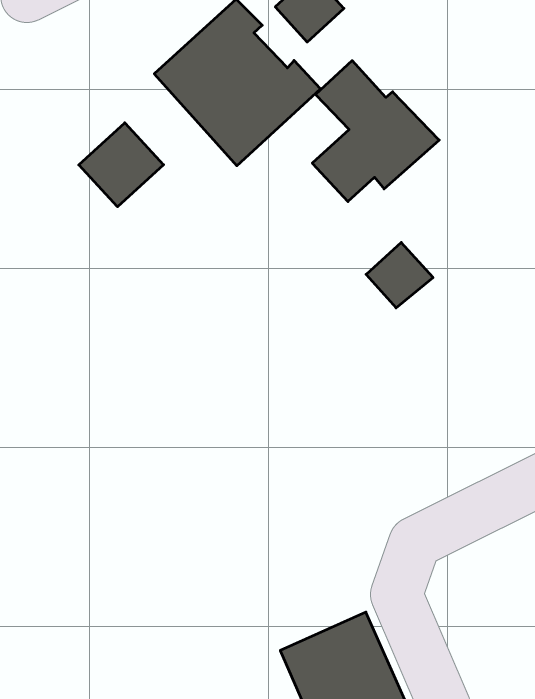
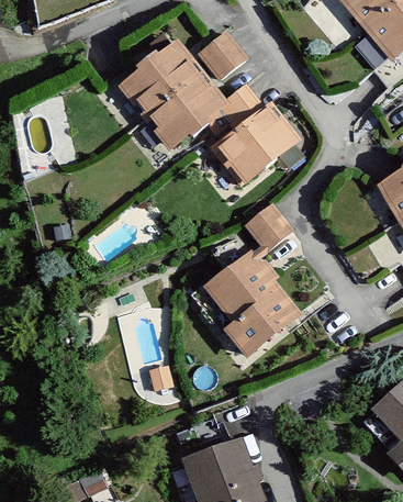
building: [79,123,164,207] -> none
building: none -> [204,250,295,354]

